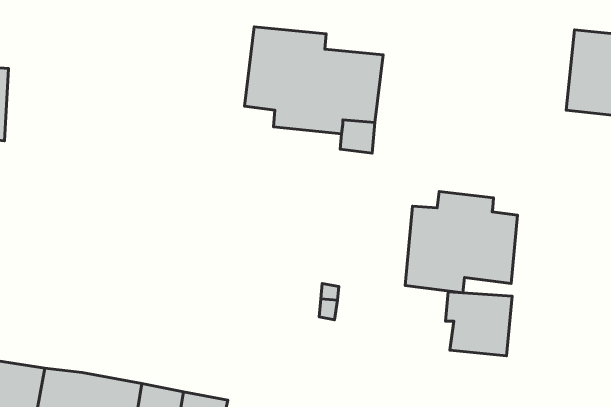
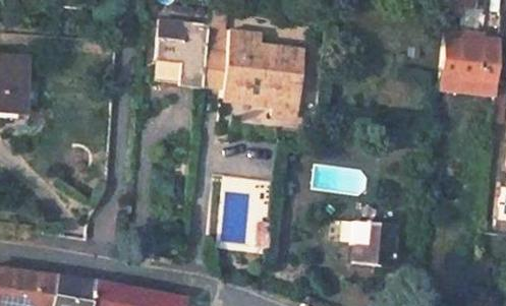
building: none -> [154,17,210,86]
building: [405,191,517,293] -> none

